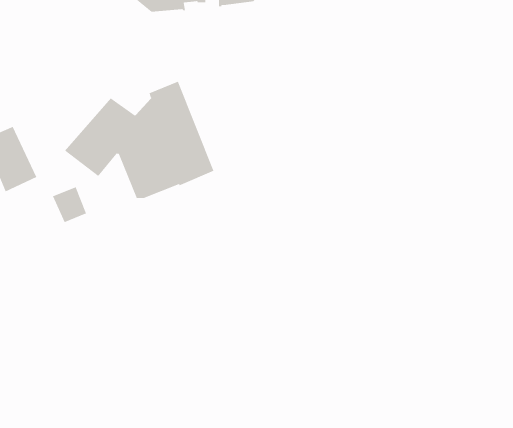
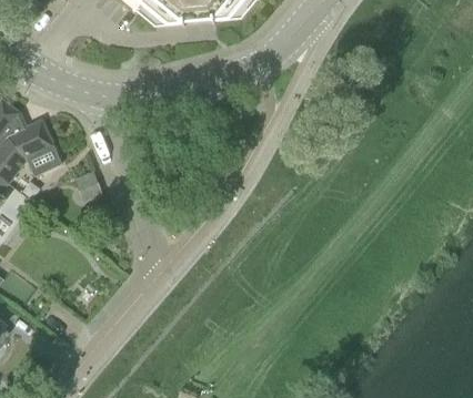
building: [64,81,214,199] -> none

